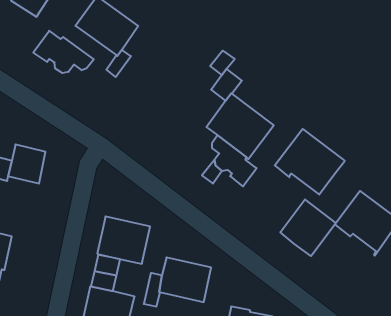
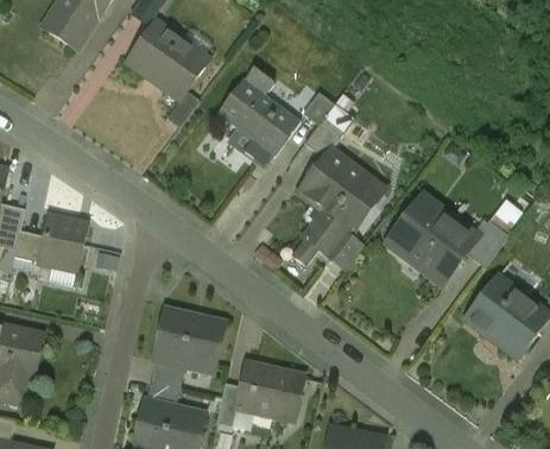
building: none -> [216,67,299,166]
building: [33,31,94,73] -> none
building: none -> [464,220,507,267]
building: [280,199,336,256] -> none

